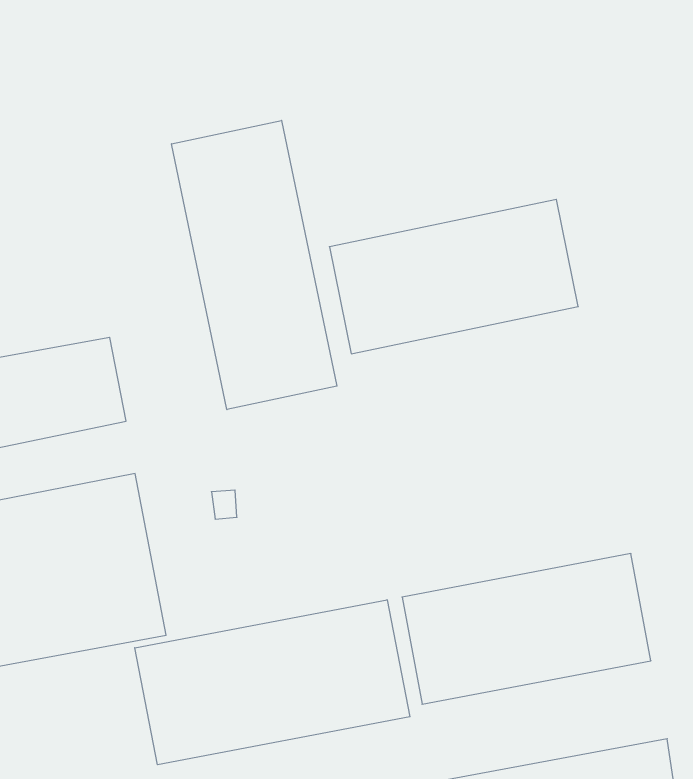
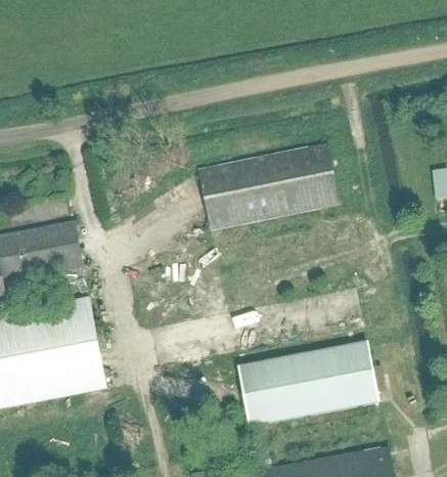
building: [172,120,337,410] -> none
building: [135,600,410,765] -> none

